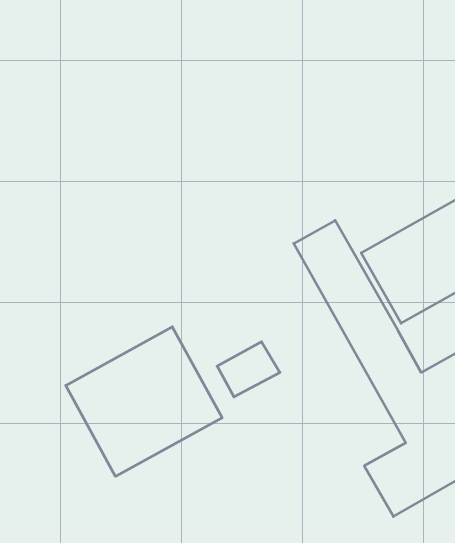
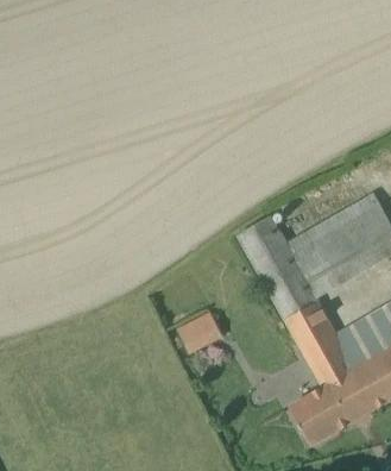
building: [66,327,222,476] -> none

